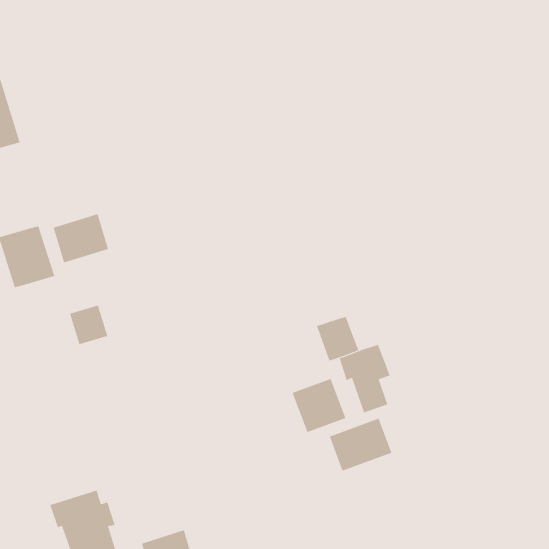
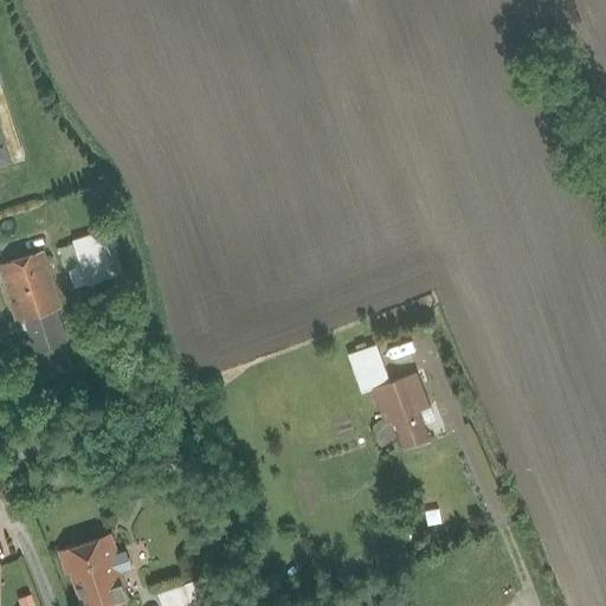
building: [69,305,108,345] -> [28,305,71,349]
building: [292,378,346,433] -> none
building: [329,418,392,472] -> none

